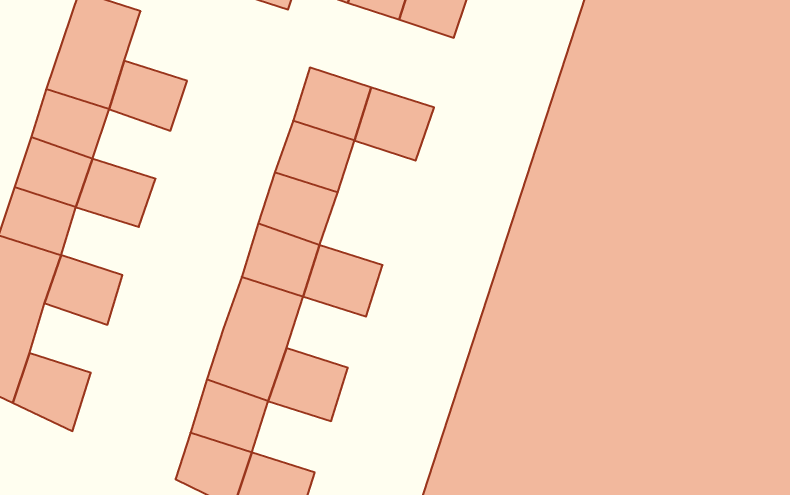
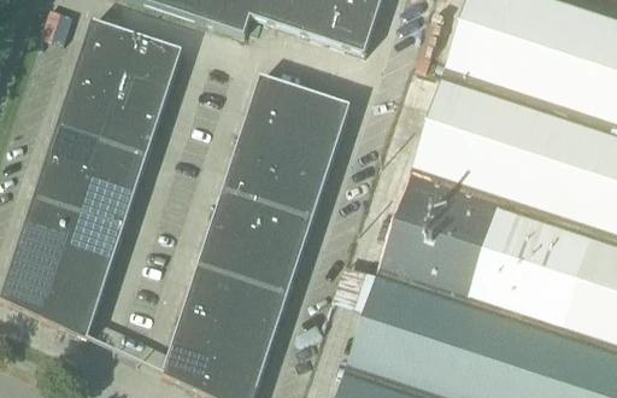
building: none -> [124,34,182,84]
building: none -> [101,105,158,156]
building: none -> [266,128,336,218]
building: none -> [78,176,135,226]
building: none -> [242,241,300,293]
building: none -> [55,246,112,297]
building: none -> [217,317,275,369]

